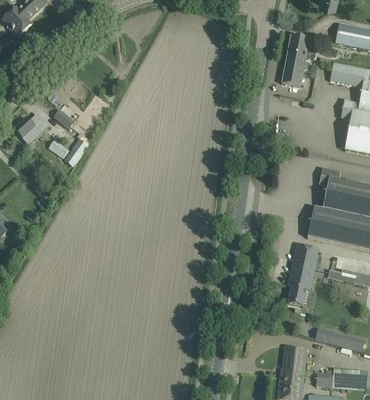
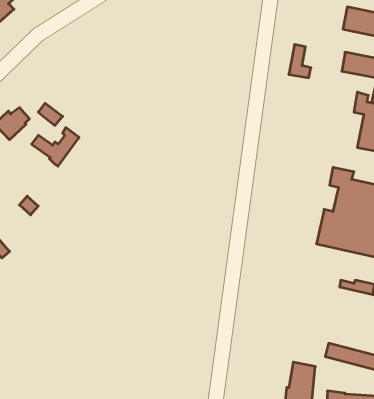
building: [287,34,309,77] -> none
building: [288,245,318,306] -> none

